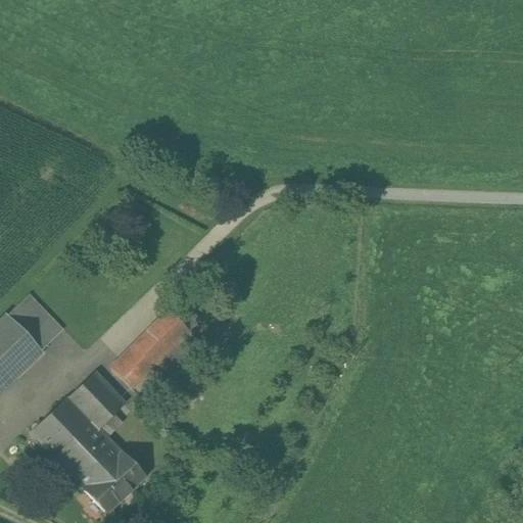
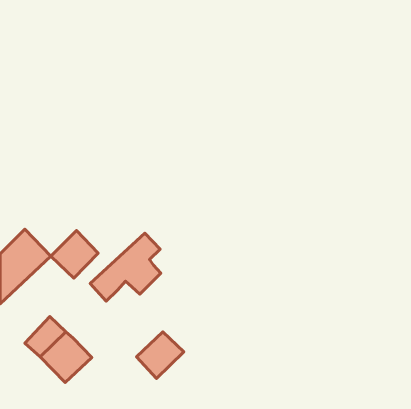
building: [63,370,124,430] -> [51,231,98,278]
building: [83,455,143,514] -> [136,332,184,378]

